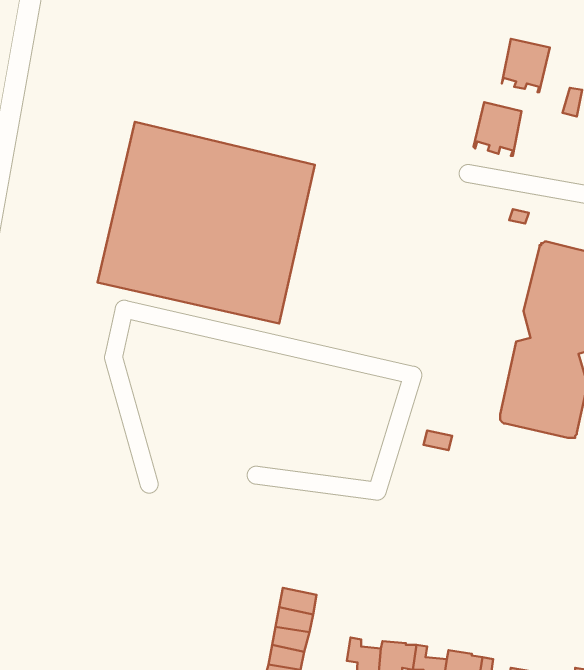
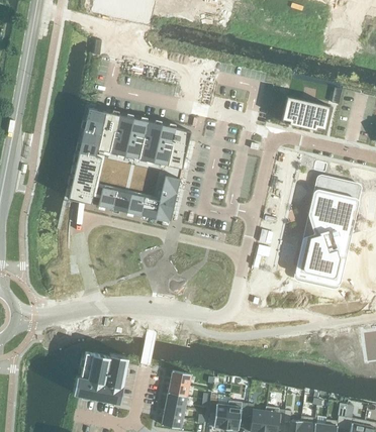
building: [502,39,550,92] -> [301,102,328,132]
building: none -> [71,352,126,404]

